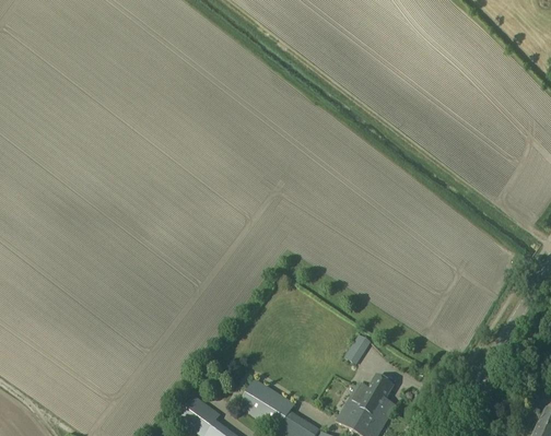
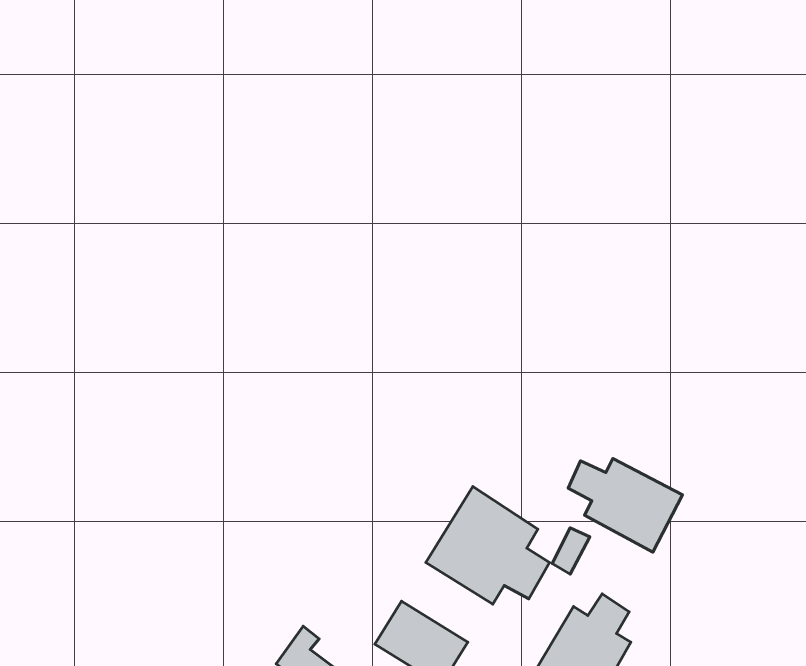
building: none -> [568,458,683,552]
building: none -> [426,486,549,604]

